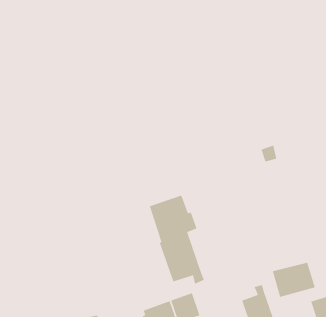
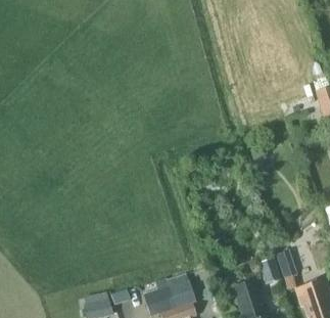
building: [149,194,205,285] -> none

